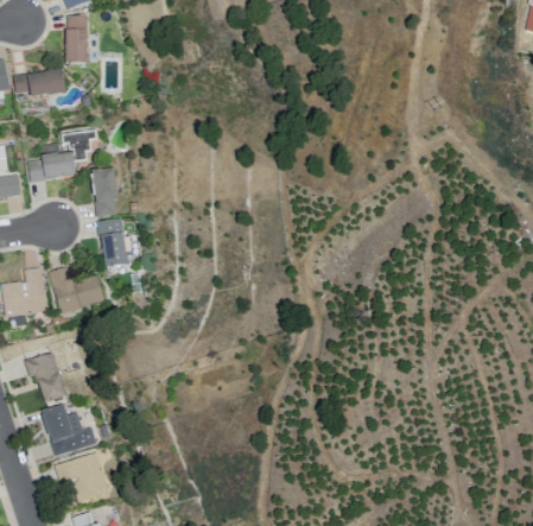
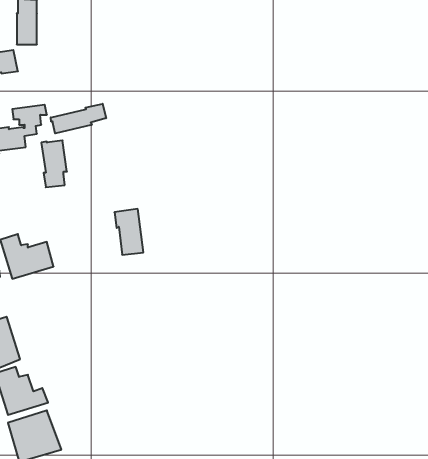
building: none -> [51,104,106,133]
building: [96,216,127,265] -> [114,209,143,255]

